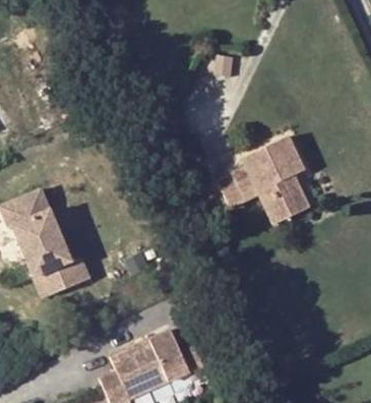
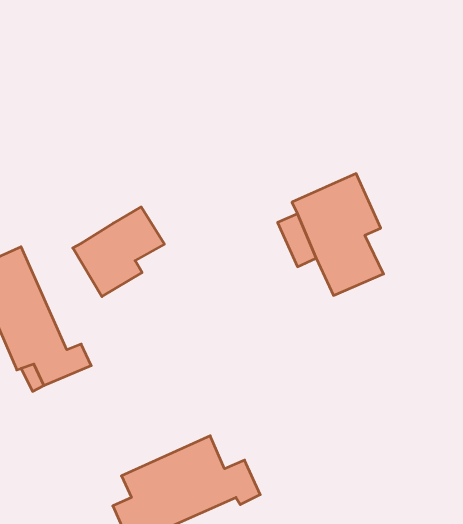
building: none -> [73,207,164,297]

